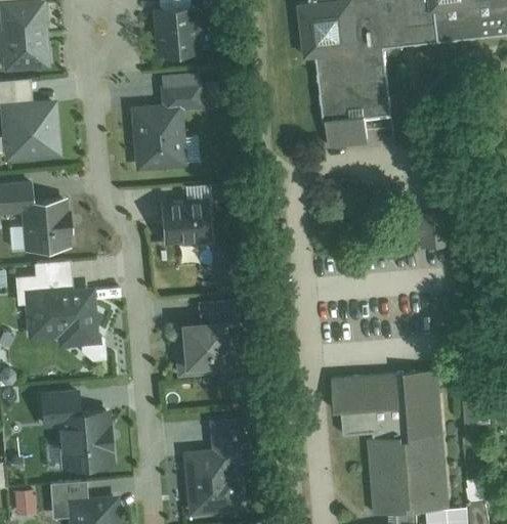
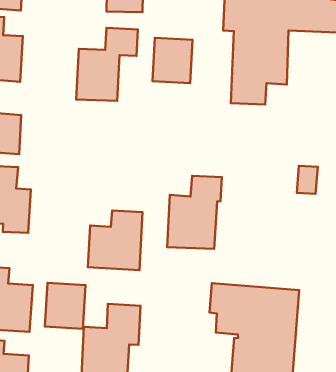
building: none -> [153,38,192,83]
building: [160,199,211,245] -> none
building: none -> [167,176,222,249]
building: none -> [45,283,85,329]

